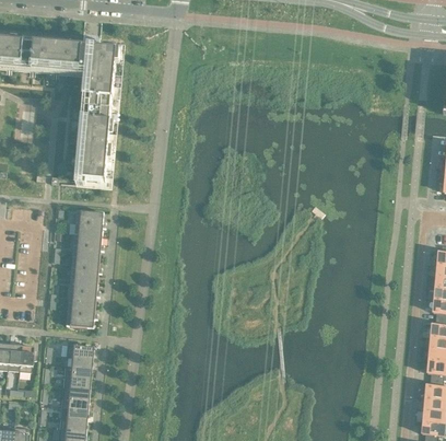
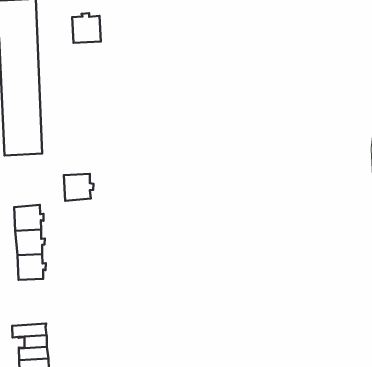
building: none -> [72,13,101,43]
building: [78,209,106,234] -> [64,174,94,201]
building: [70,301,97,326] -> none

